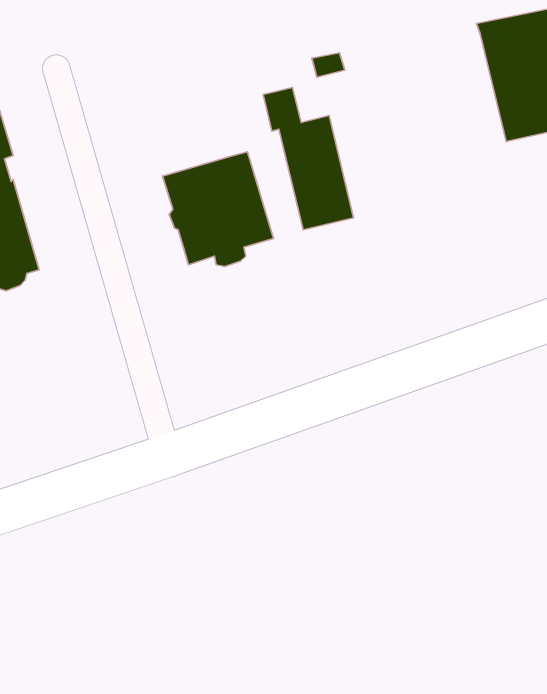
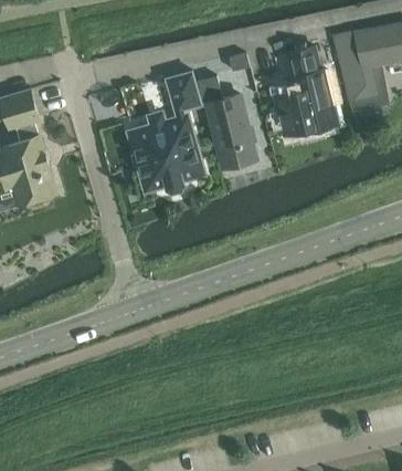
building: none -> [276,48,337,134]
building: none -> [166,72,202,114]

